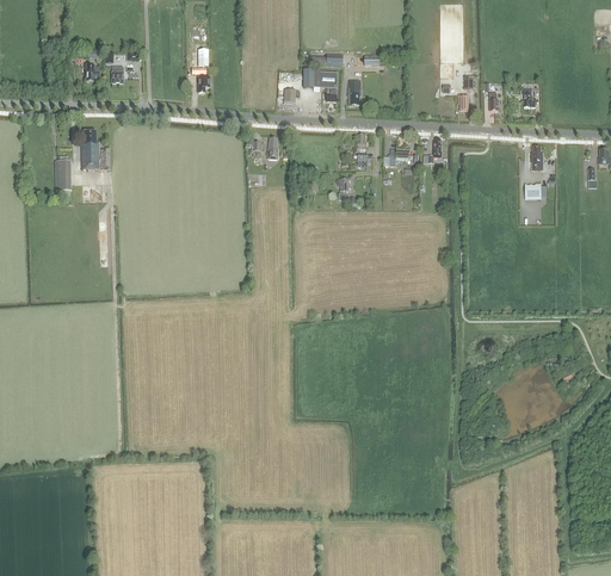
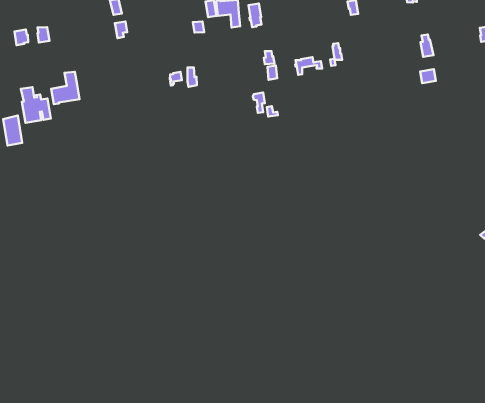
building: none -> [51,72,80,104]

